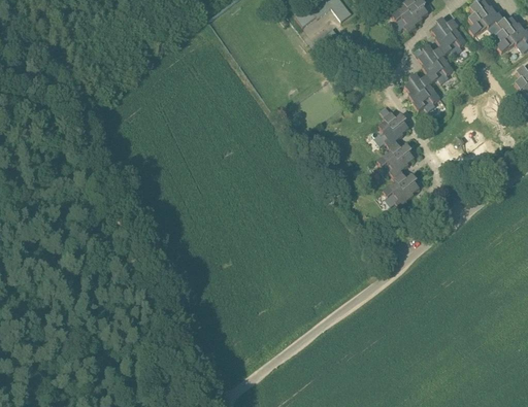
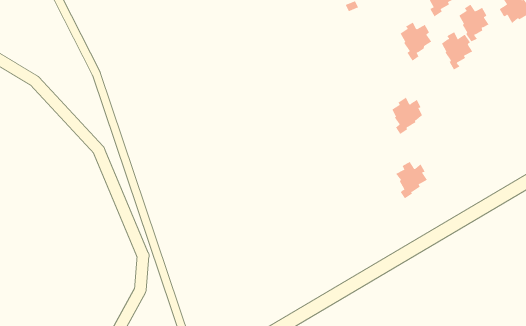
building: [404,73,435,110] -> [400,22,432,61]
building: [384,141,415,176] -> none

